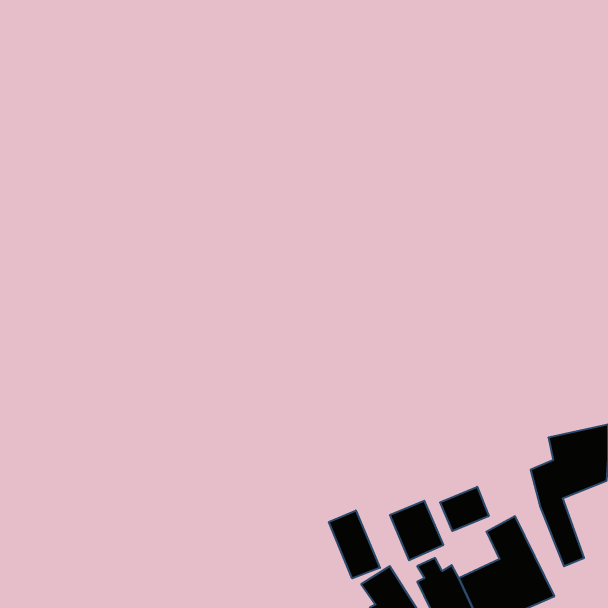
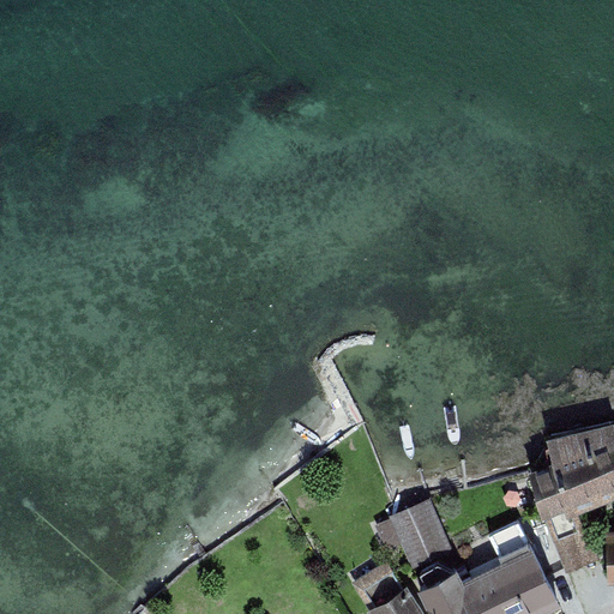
building: [440,487,489,531] -> none
building: [329,510,380,578] -> none

